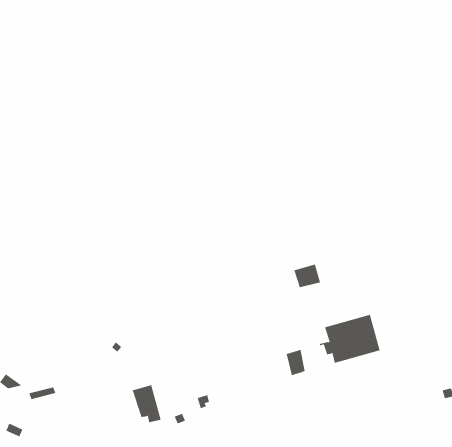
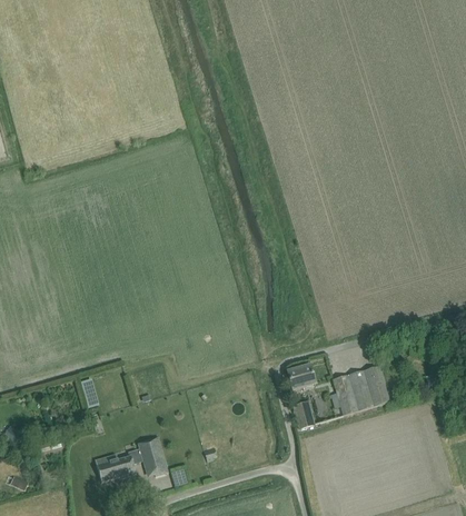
building: [294,264,321,288] -> [286,365,314,389]
building: none -> [93,456,135,482]

